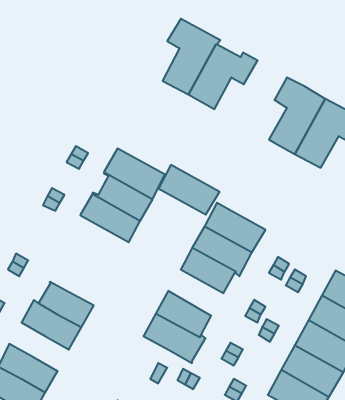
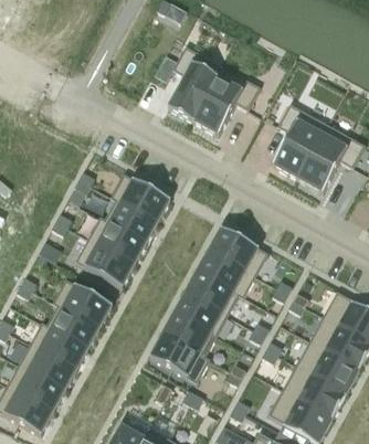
building: [159,165,220,215] -> [75,240,135,288]
building: none -> [52,279,113,328]
building: none -> [173,293,228,338]
building: none -> [18,345,76,392]

